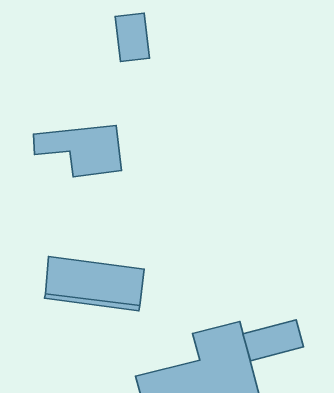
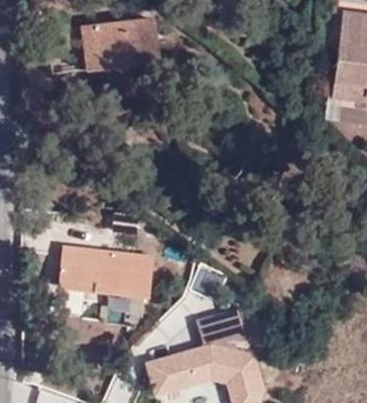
building: [33,126,121,177] -> [47,22,130,71]
building: [243,320,304,361] -> none

